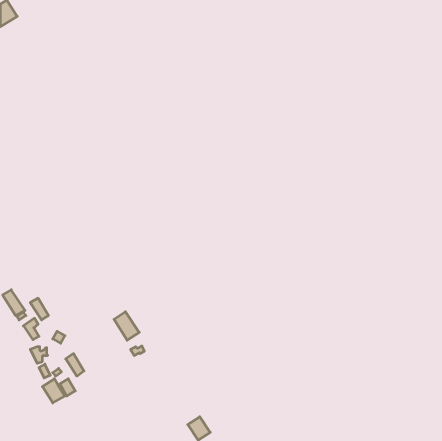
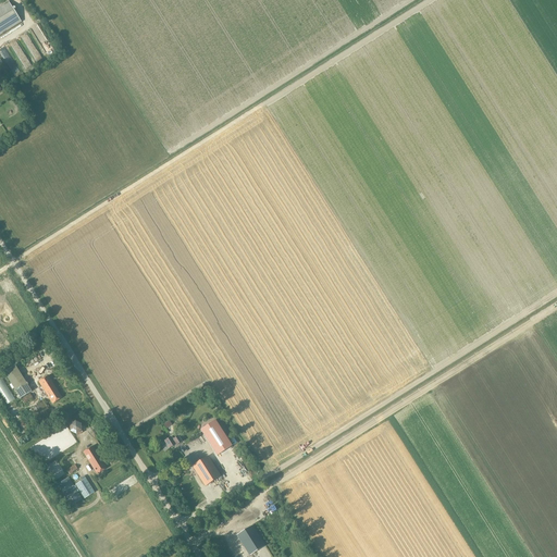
building: [114,312,139,340] -> [200,419,232,455]
building: none -> [191,455,220,485]

